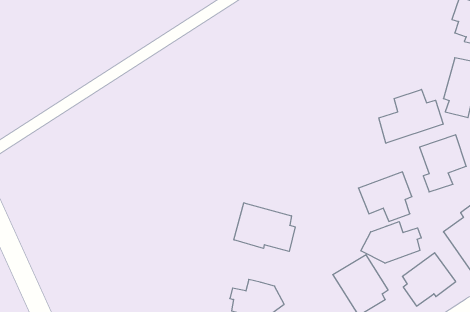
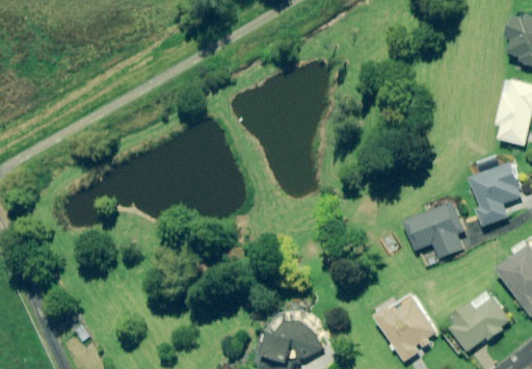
building: [379,89,443,143] -> none
building: [234,203,295,251] -> none
building: [361,222,421,263] -> none

